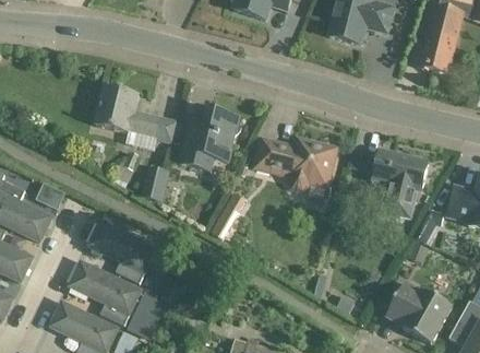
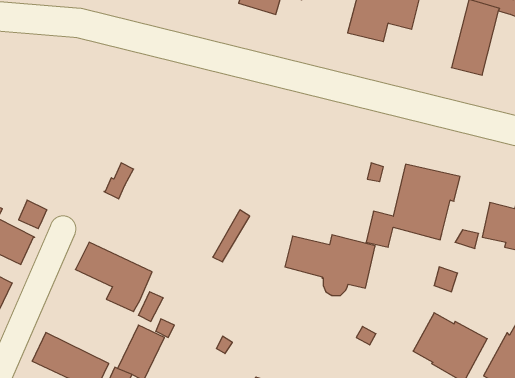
building: [95,85,177,149] -> none
building: [180,110,238,169] -> none
building: [255,138,335,191] -> [285,235,375,295]
building: [140,166,169,201] -> none
building: [69,259,141,323] -> none

